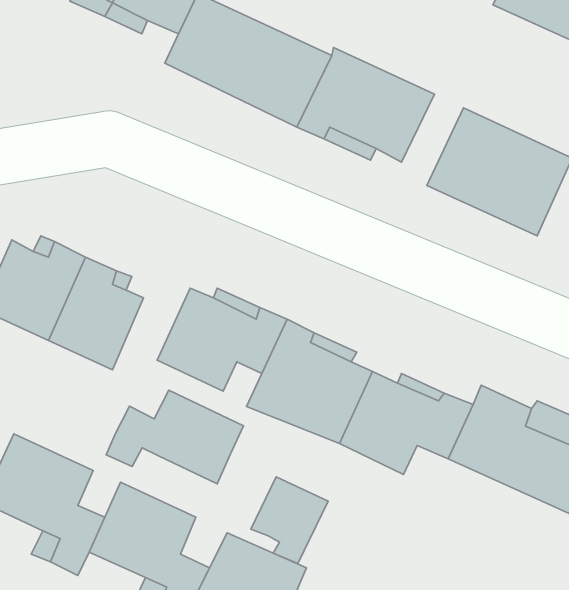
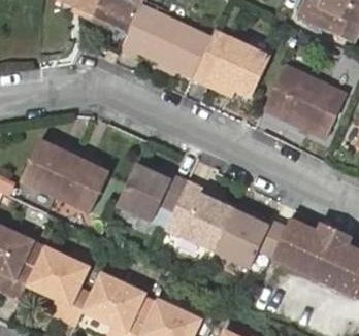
building: [106,390,244,484] -> none
building: [251,477,328,564] -> none

